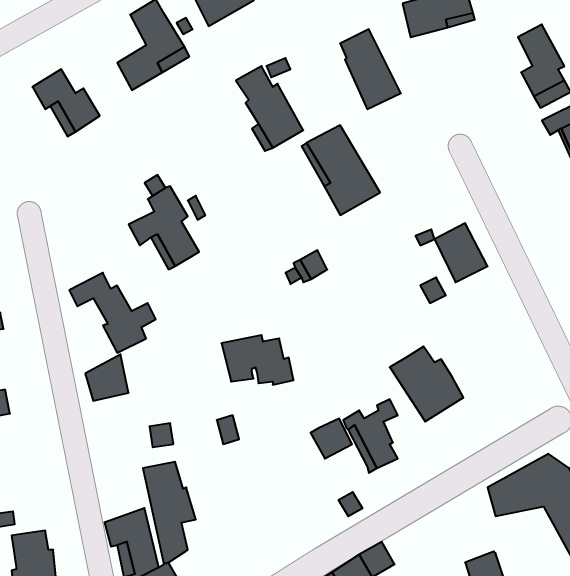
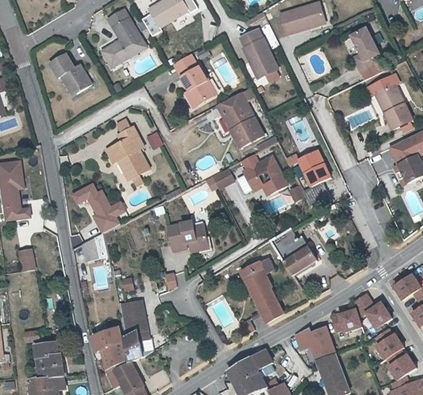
building: none -> [242,153,287,194]
building: [310,419,352,459] -> [257,298,283,323]
building: none -> [297,328,335,363]

